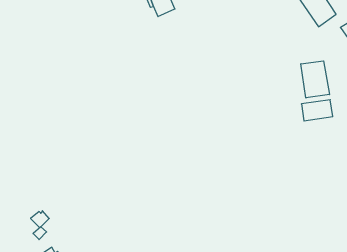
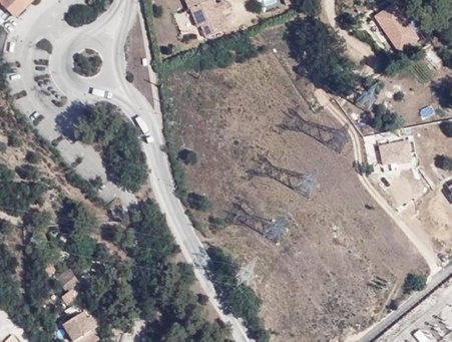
building: [301,61,329,98] -> none

